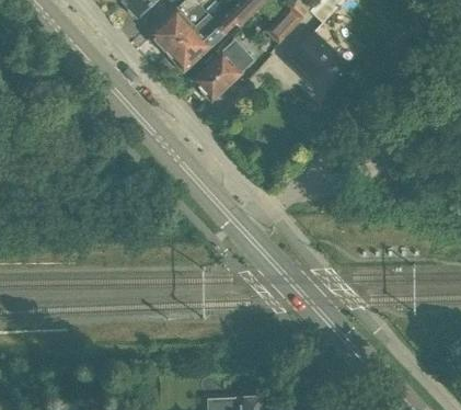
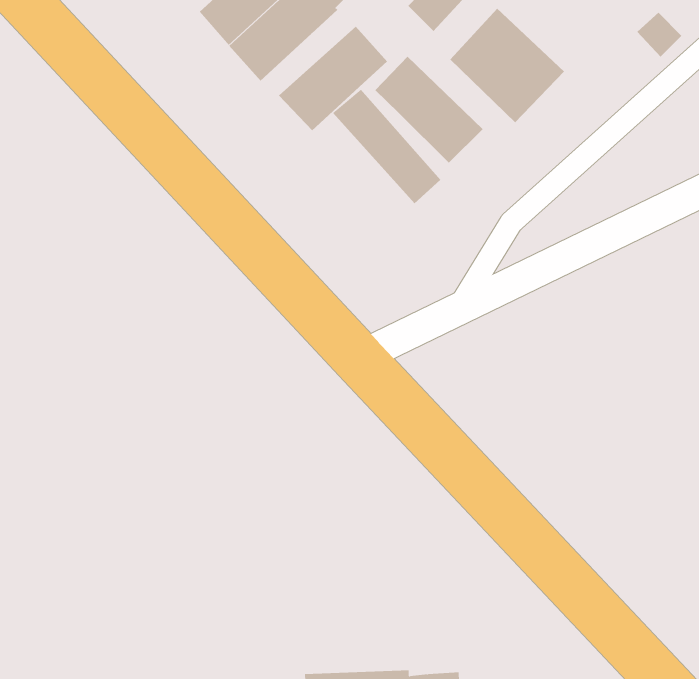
building: none -> [375,56,484,163]
building: none -> [332,89,441,204]

